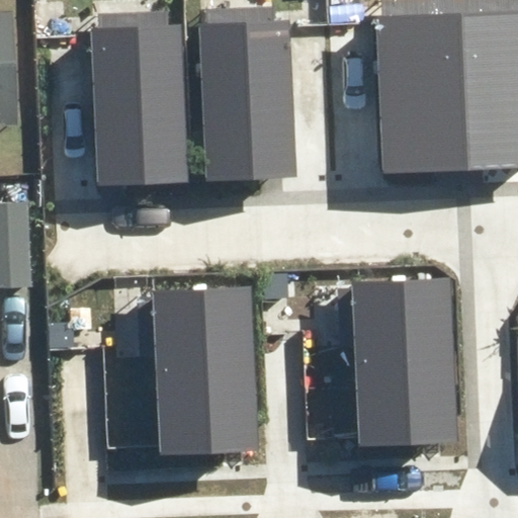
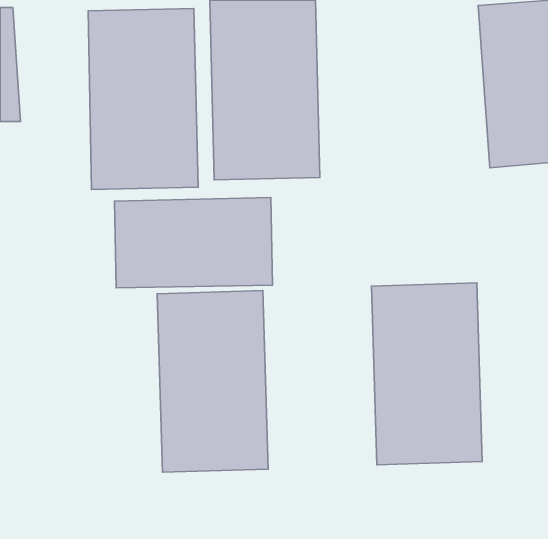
building: [374,15,462,173] -> none
building: none -> [114,198,273,288]

